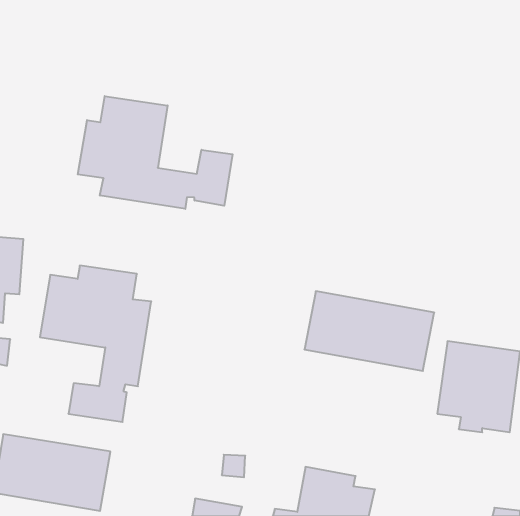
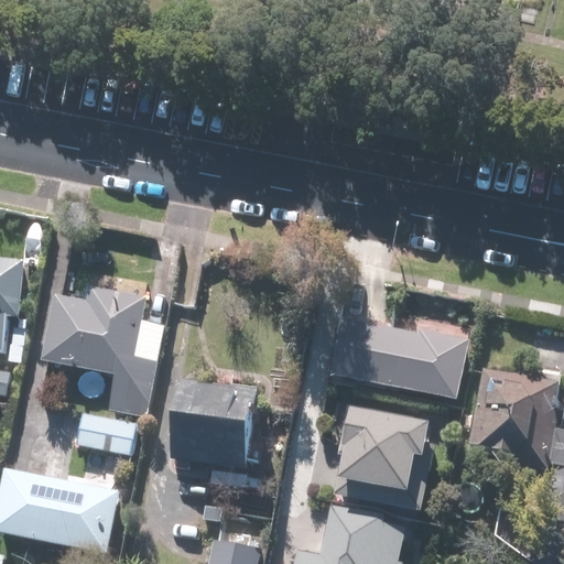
building: [78,96,233,209] -> none
building: none -> [172,378,257,486]
building: none -> [333,409,431,494]

